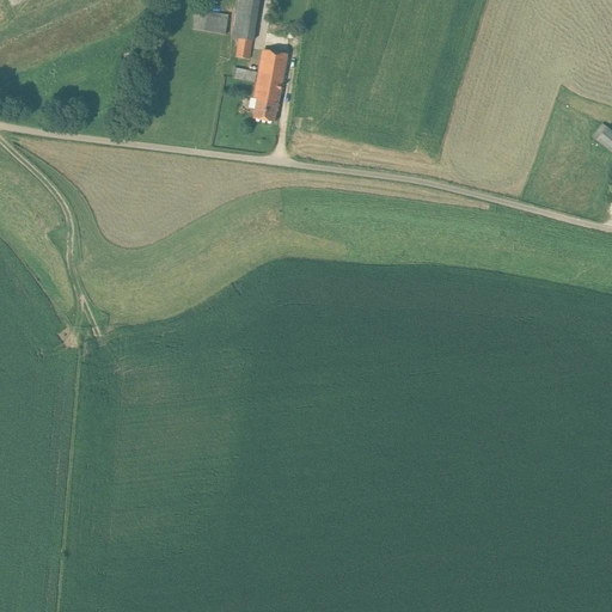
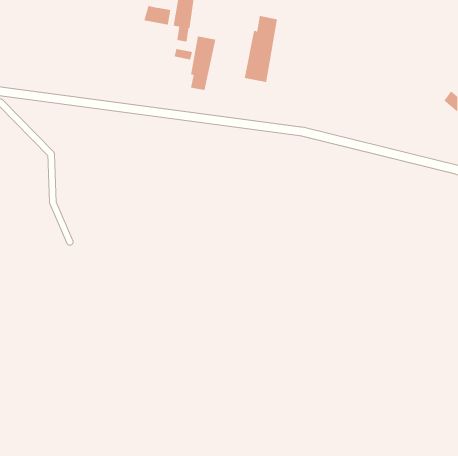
building: none -> [244,15,277,83]

